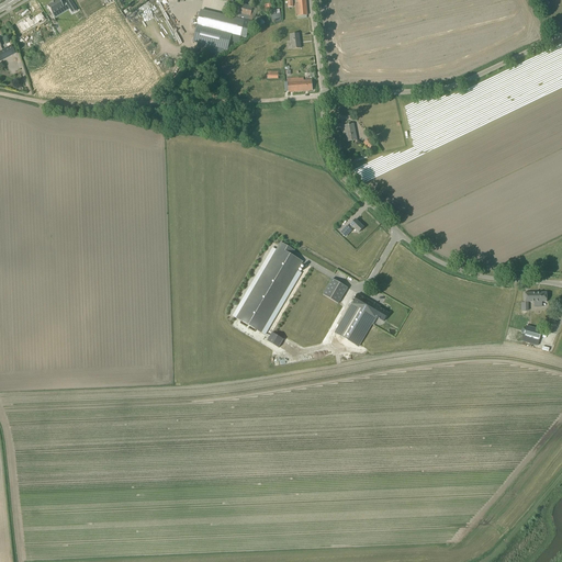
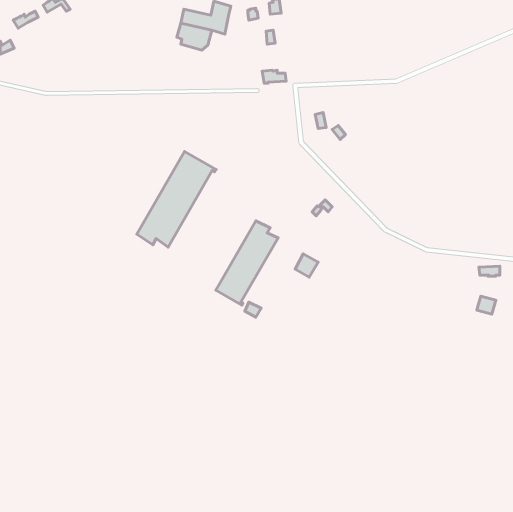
building: none -> [137,151,216,247]
building: [335,293,389,347] -> none

